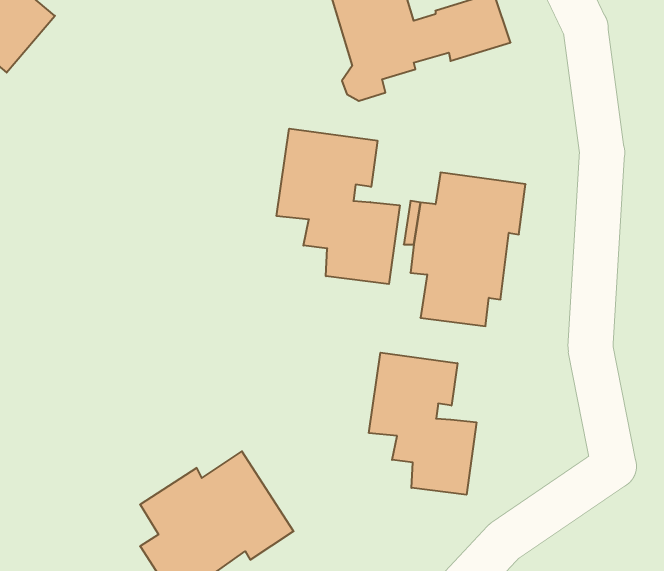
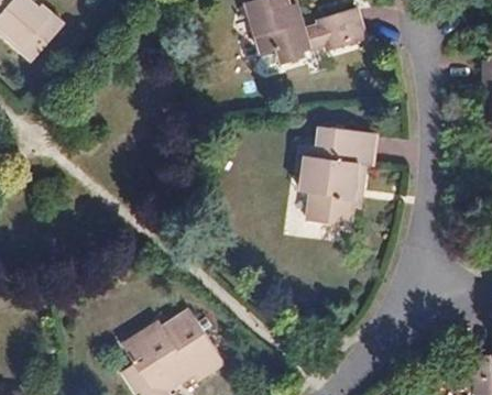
building: [277,129,400,284] -> none
building: [369,353,476,495] -> none

